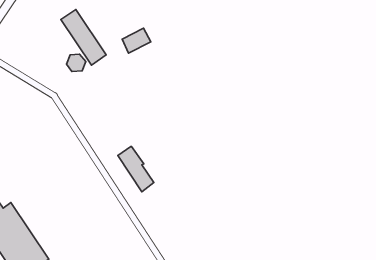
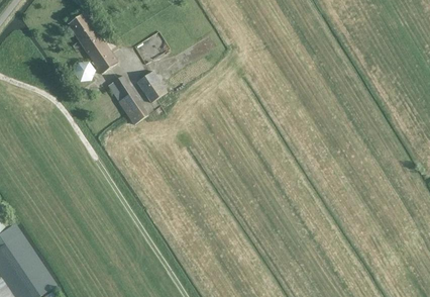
building: none -> [136,72,166,103]
building: [118,146,154,192] -> [107,76,146,125]

